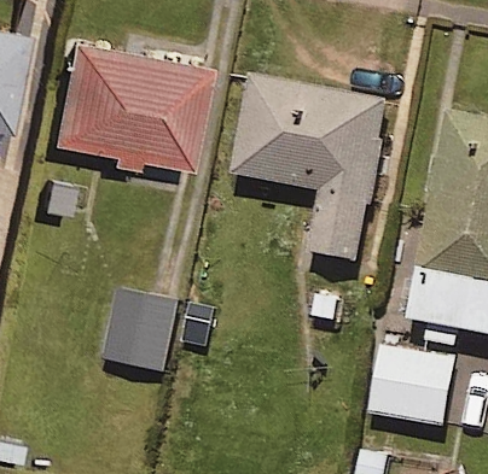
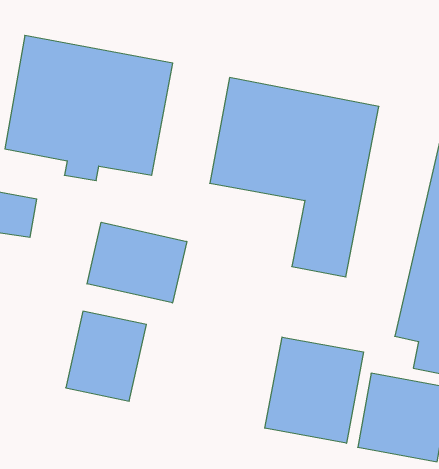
building: none -> [87,222,187,303]
building: none -> [265,337,363,443]

